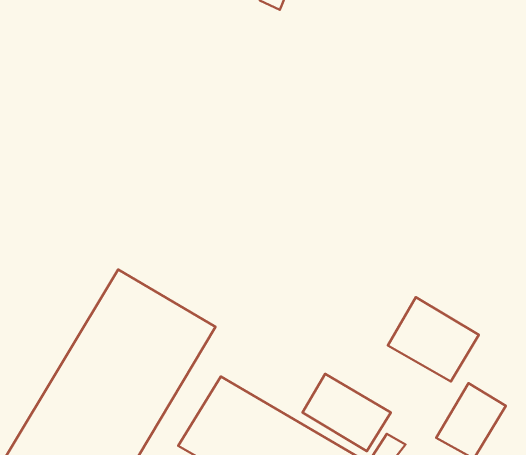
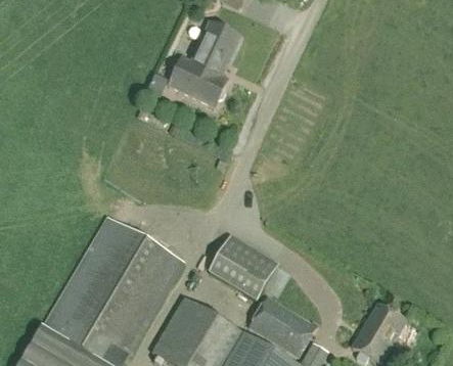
building: none -> [169,28,231,107]
building: [388,297,479,382] -> [209,236,278,301]

